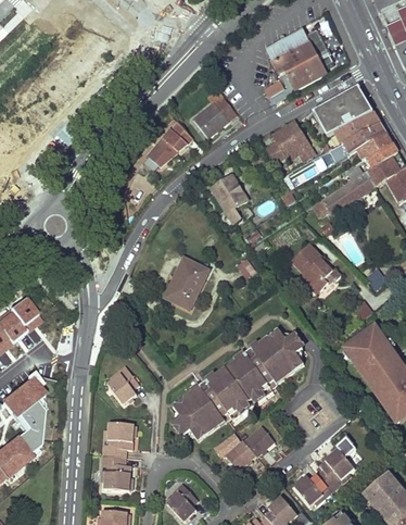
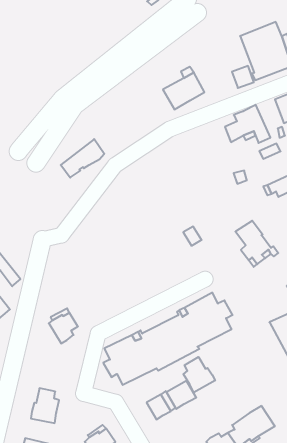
building: [148,121,192,165] -> [61,139,104,178]
building: [212,174,248,220] -> none
building: [169,257,207,307] -> none
building: none -> [183,357,215,393]
building: [105,420,132,454] -> none

